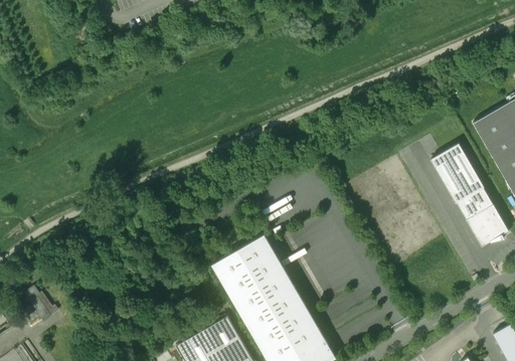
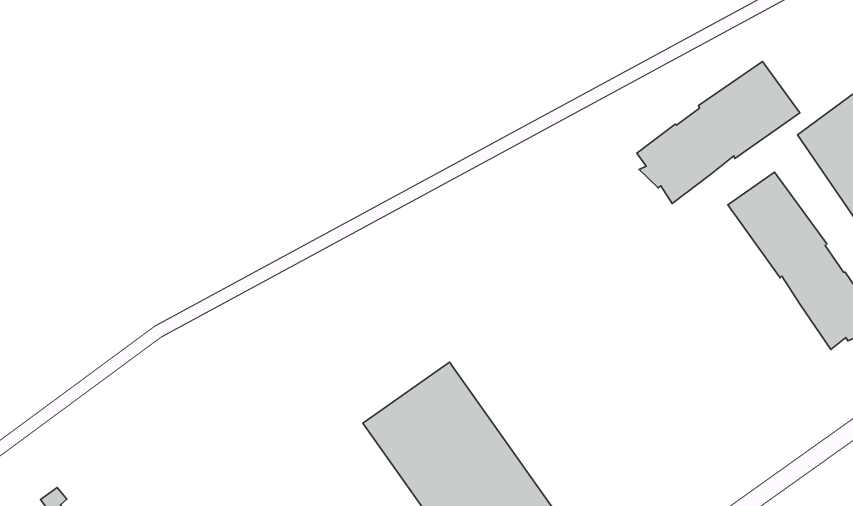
building: none -> [637,61,800,204]

